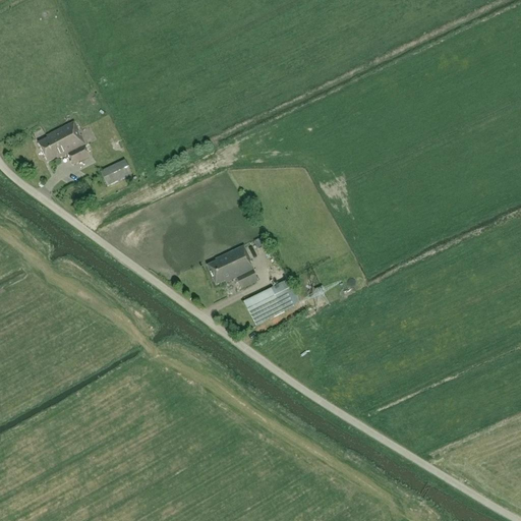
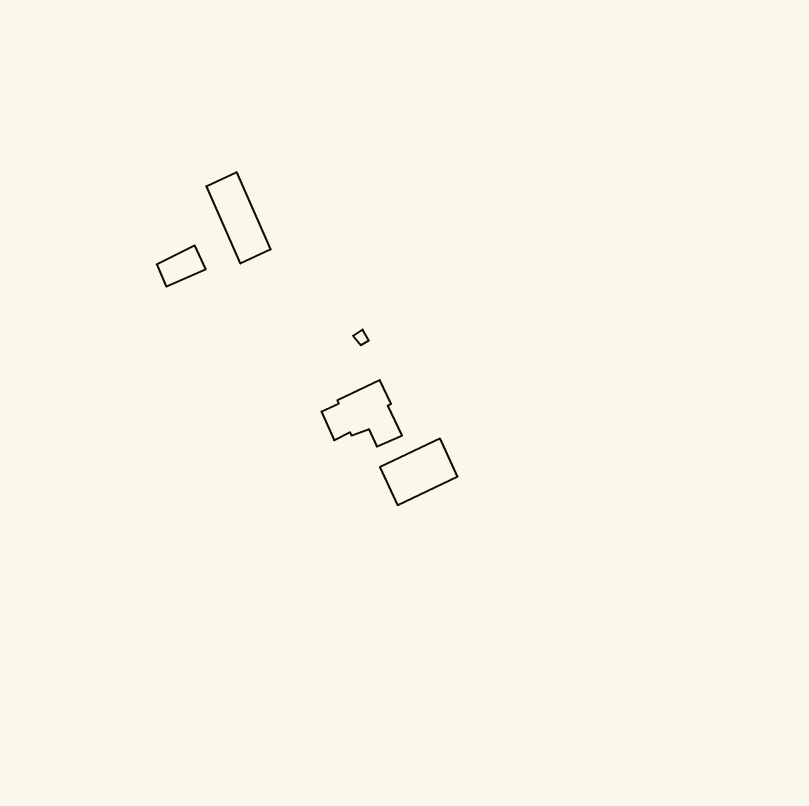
building: none -> [206,172,271,264]
building: [38,121,90,164] -> none

